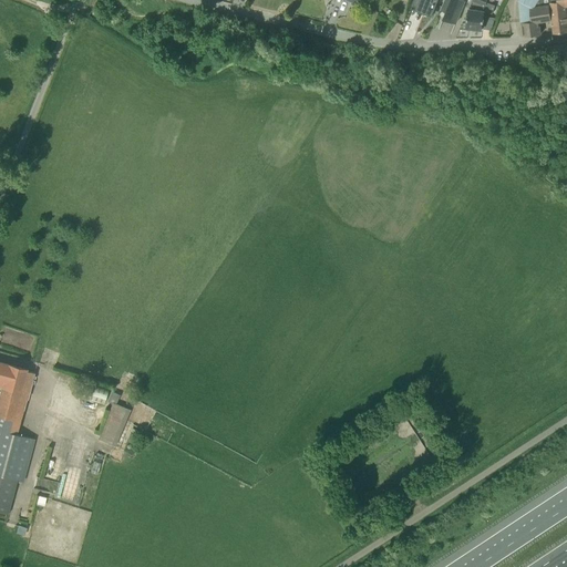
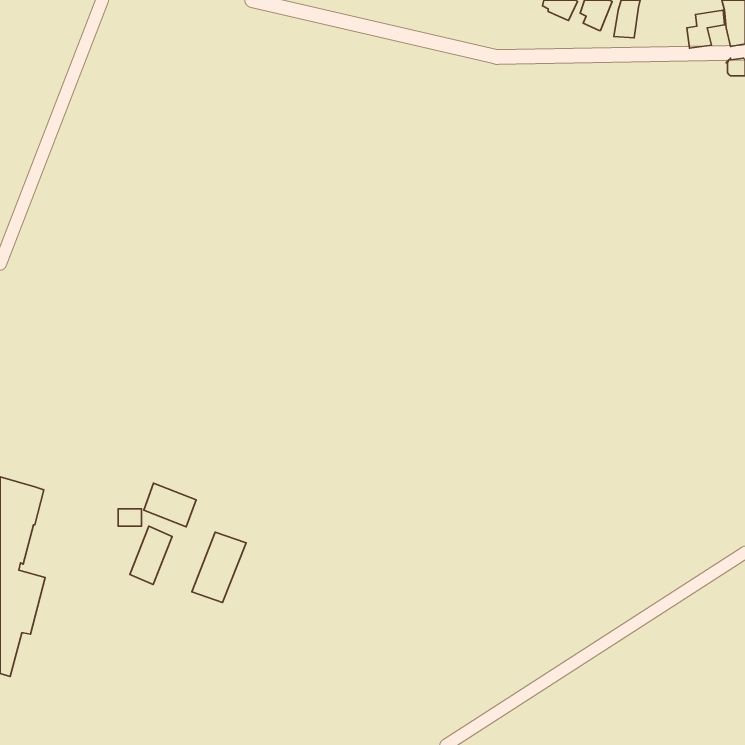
building: none -> [144,483,196,527]
building: none -> [192,532,246,603]

